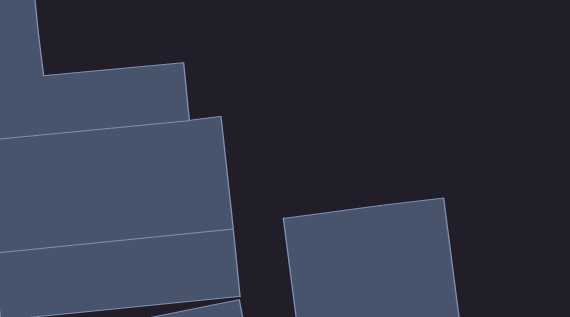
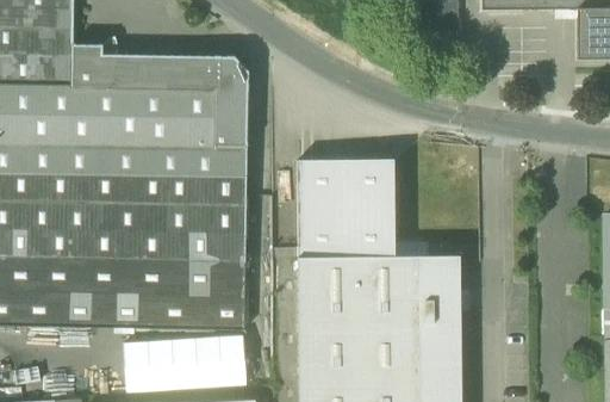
building: none -> [73,41,248,147]
building: none -> [295,159,393,256]

